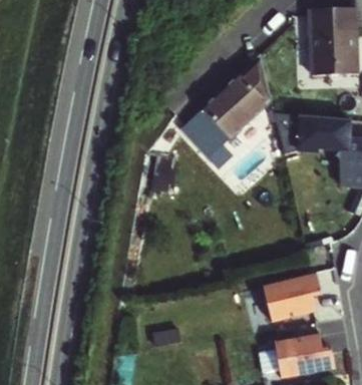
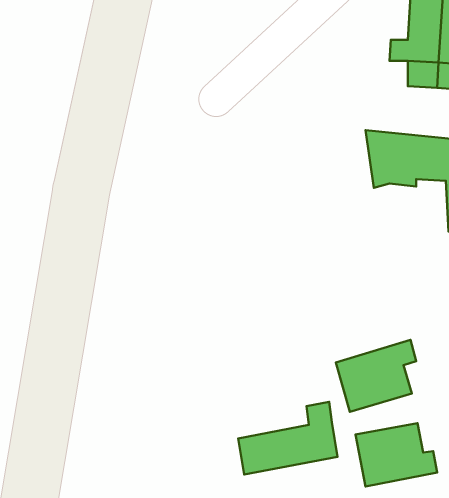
building: [183,52,274,156] -> none
building: none -> [238,402,338,474]

